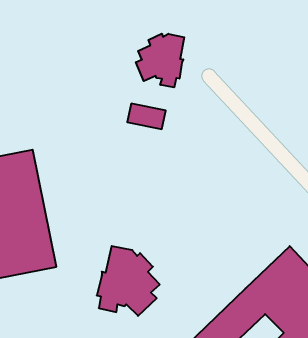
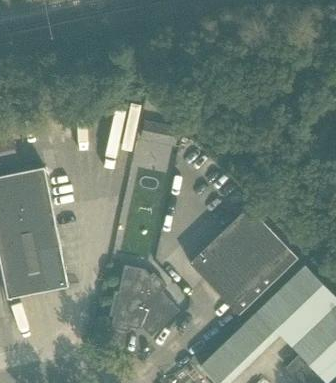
building: [136,34,184,87] -> none
building: none -> [189,206,298,314]

